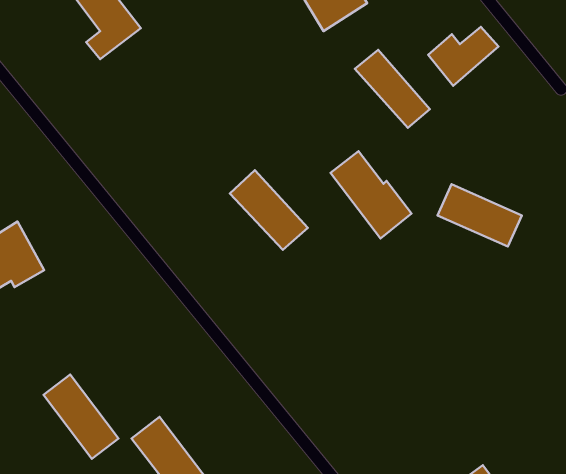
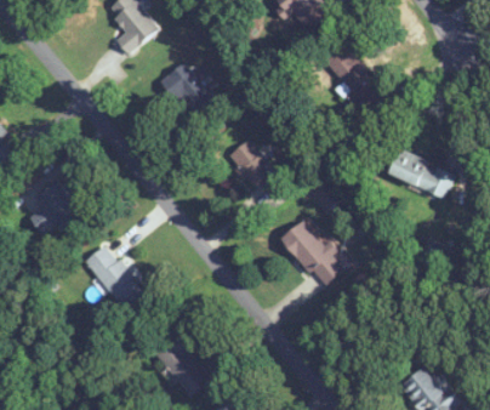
building: [428,27,499,86] -> none
building: none -> [163,62,220,123]
building: [330,151,412,238] -> [280,220,343,287]
building: [43,374,118,459] -> [84,244,142,309]

